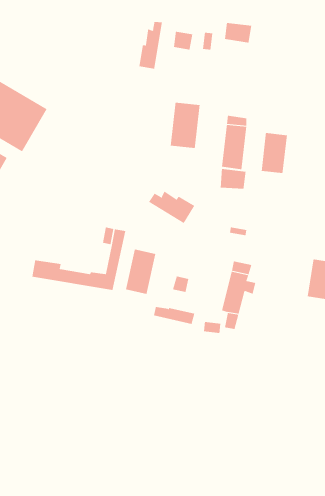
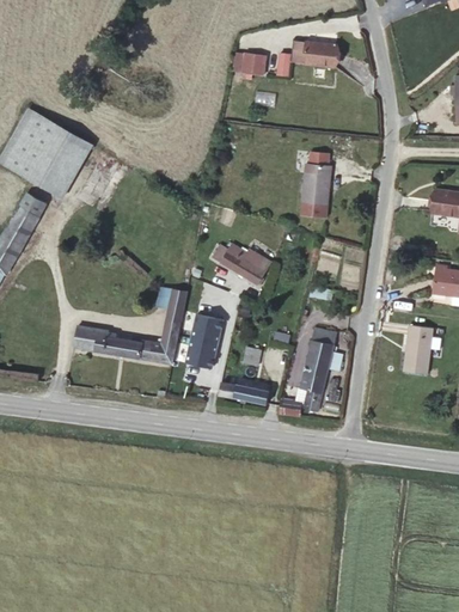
building: [139,21,162,69] -> none
building: [170,102,200,149] -> none
building: [261,132,287,174] -> none
building: [220,168,246,190] -> none

